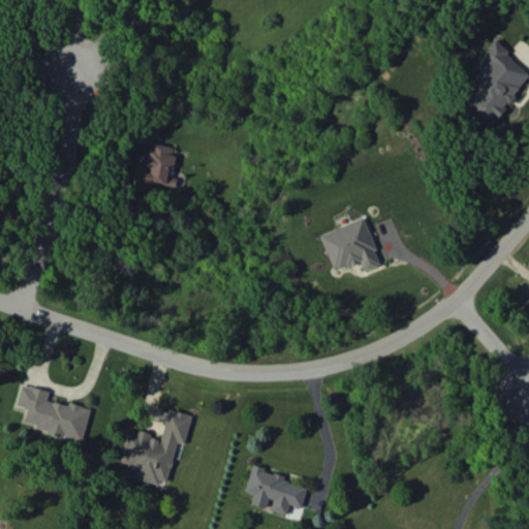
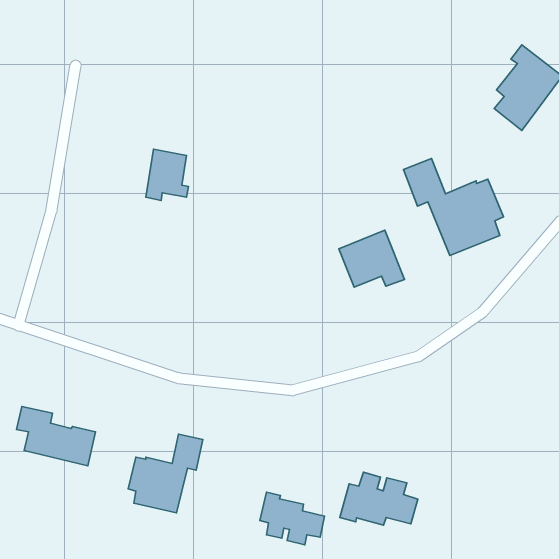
building: none -> [404,158,504,255]
building: none -> [340,472,418,525]

